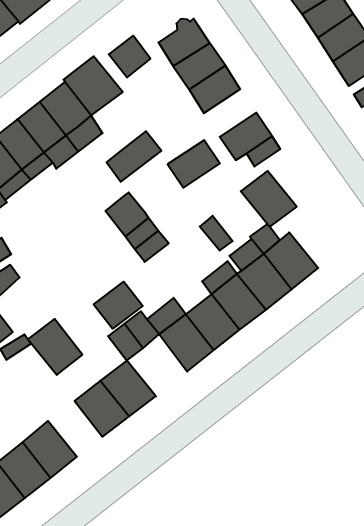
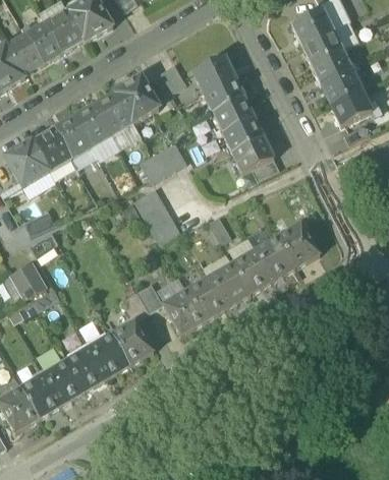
building: [168,140,220,188] -> [222,117,264,153]
building: [241,171,297,227] -> [277,223,320,267]
building: [94,282,143,329] -> none
building: [28,319,82,375] -> [65,347,107,392]

